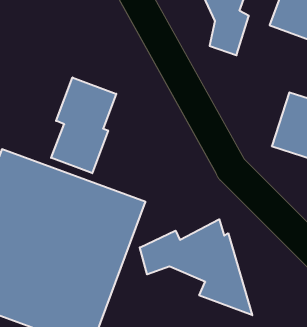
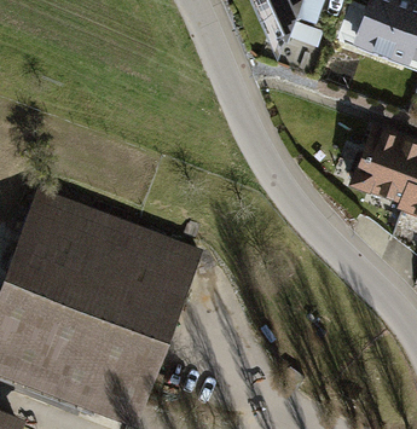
building: [51,77,116,173] -> none
building: [140,219,252,315] -> none

